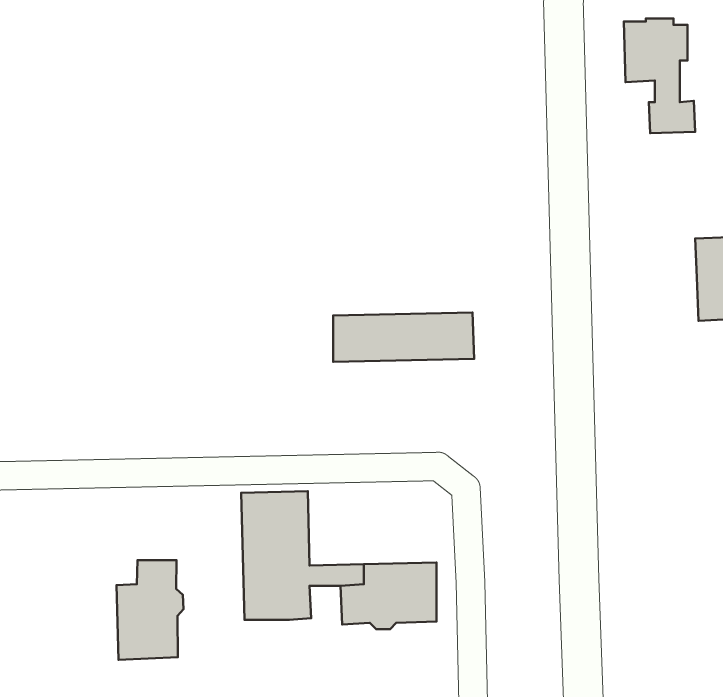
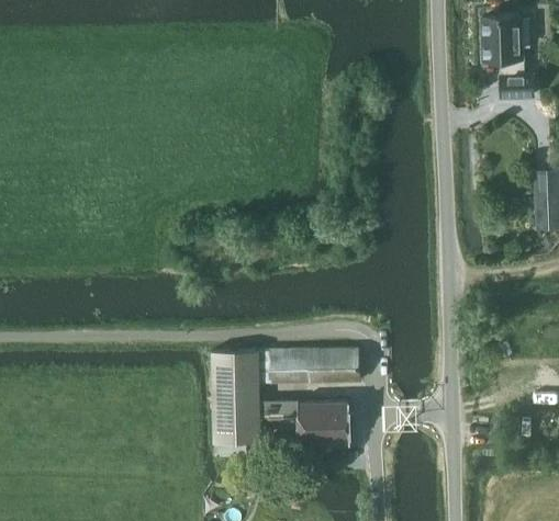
building: [333,312,474,362] -> [261,347,361,382]
building: [117,560,183,660] -> none

